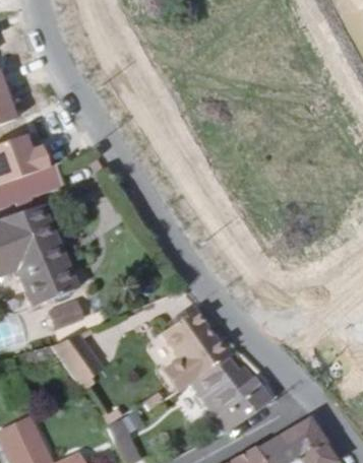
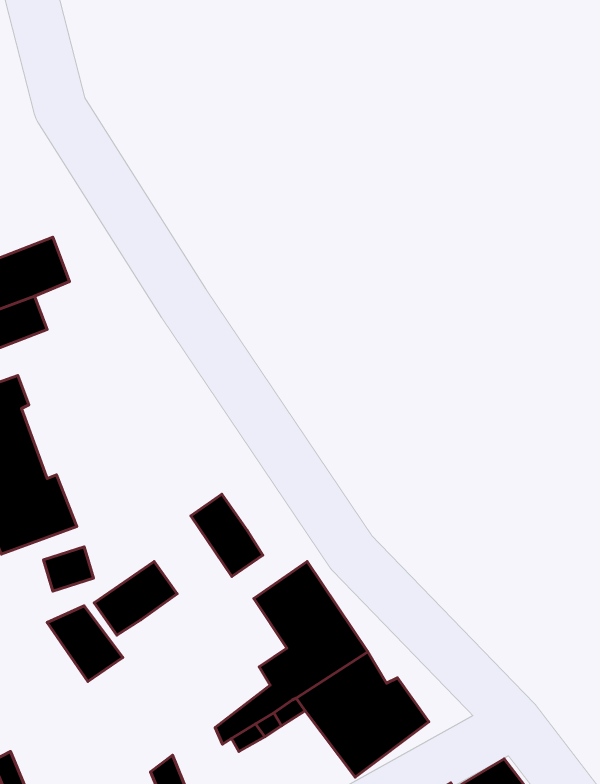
building: none -> [191,494,263,577]
building: none -> [94,561,177,635]

